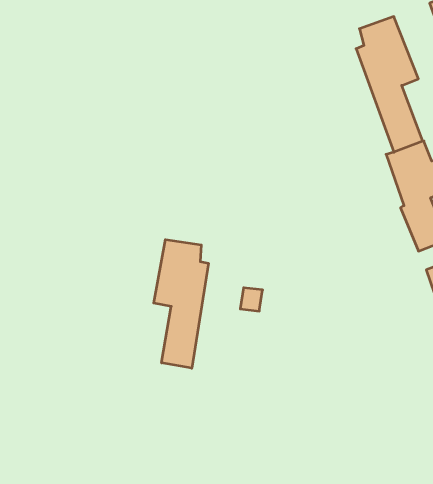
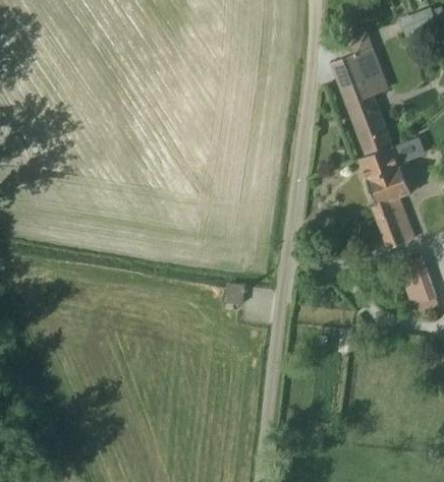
building: [154,240,208,368] -> none

